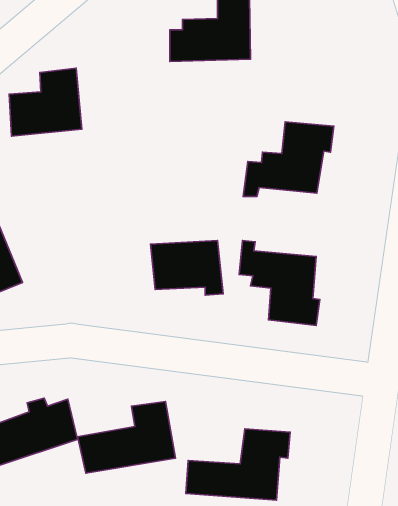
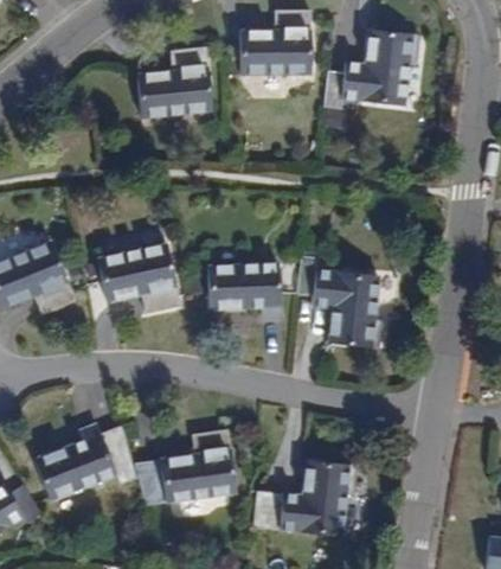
building: [9,68,82,136] -> [139,47,214,119]
building: [243,122,334,197] -> [326,25,420,103]
building: none -> [99,244,185,314]

